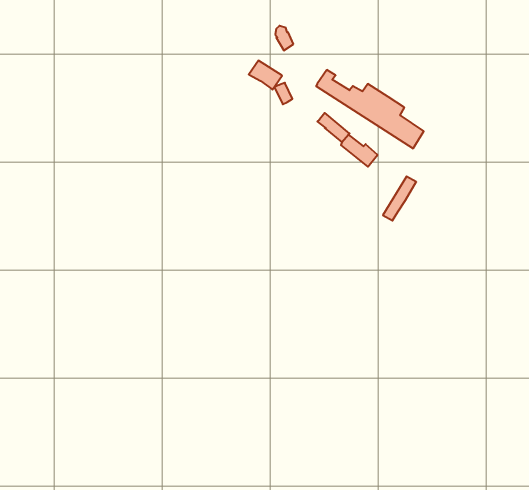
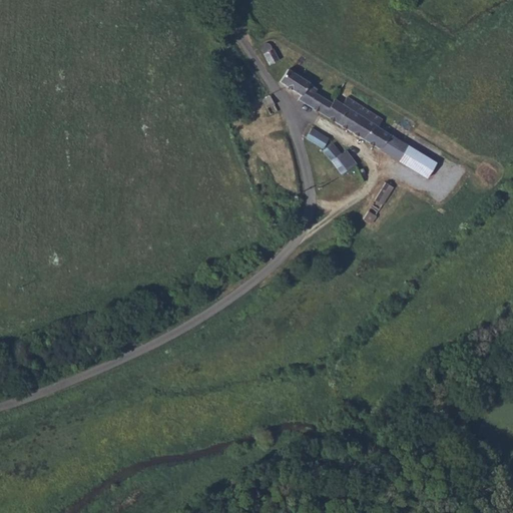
building: [249,61,282,90] -> [280,69,311,96]
building: none -> [391,140,437,179]

